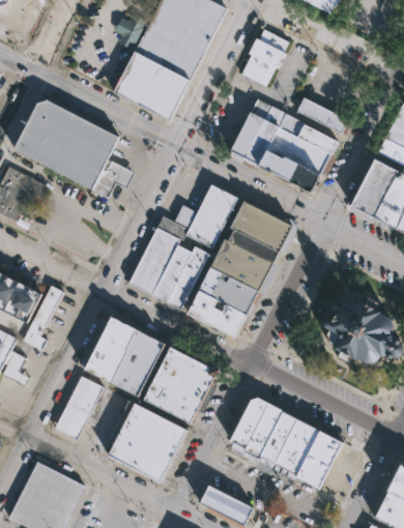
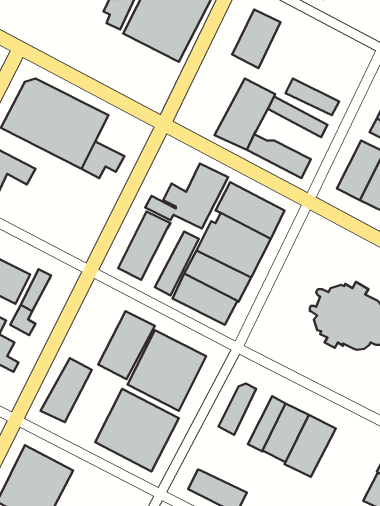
building: [116,53,190,119] -> none
building: [266,127,328,176] -> none
building: [152,245,193,303] -> none
building: [84,315,137,380] -> none
building: [242,404,282,460] -> none

